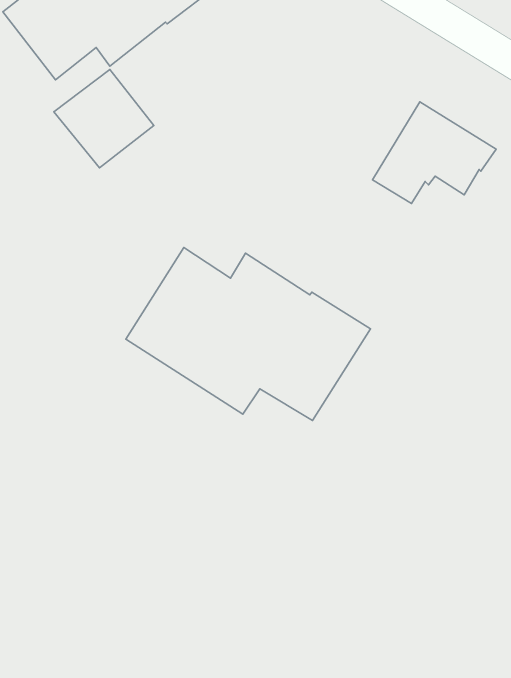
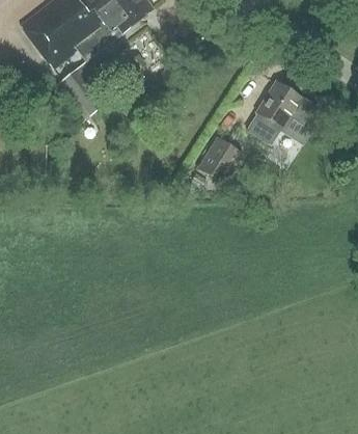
building: none -> [196,135,244,184]
building: [126,248,370,420] -> none

